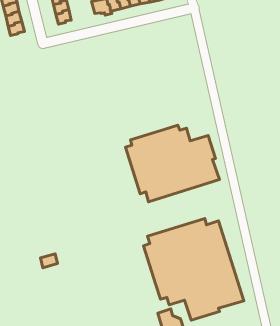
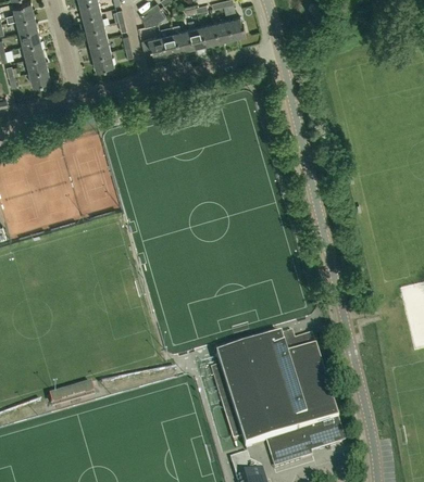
building: [125,125,219,202] -> none

